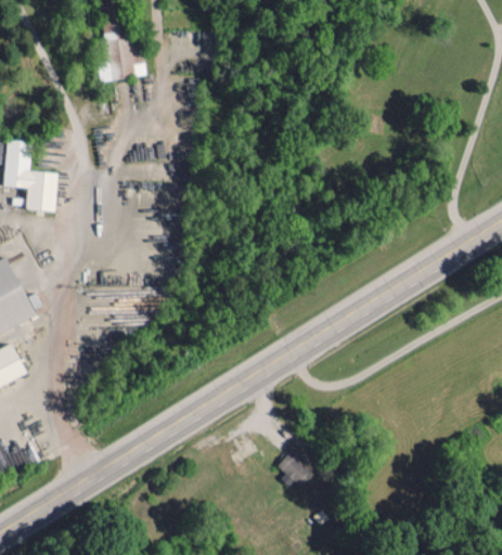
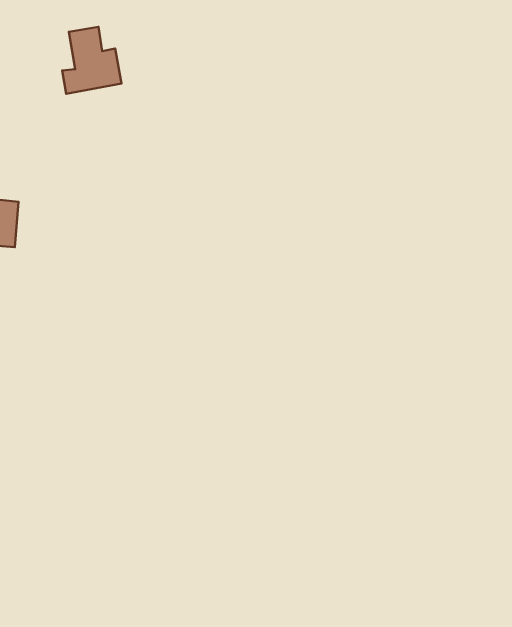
building: [274,447,318,488] -> none

